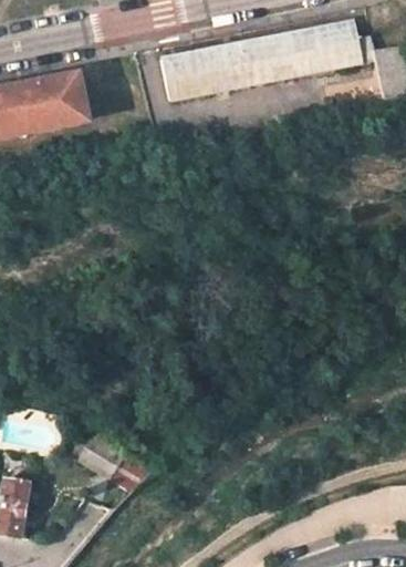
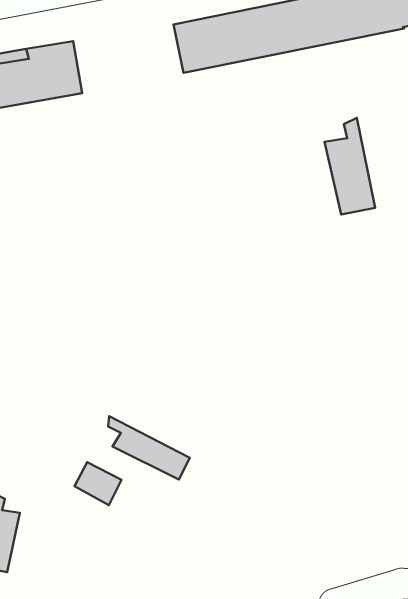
building: none -> [325,118,375,215]
building: none -> [108,416,190,480]

